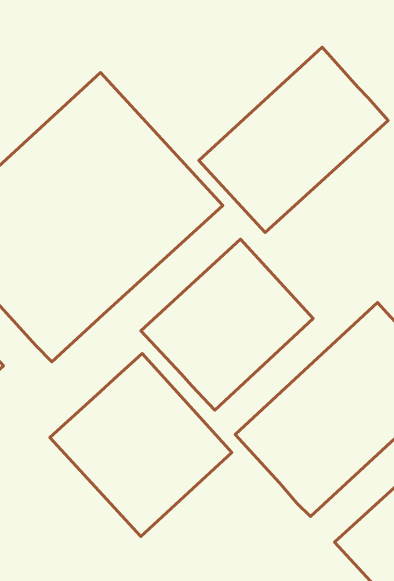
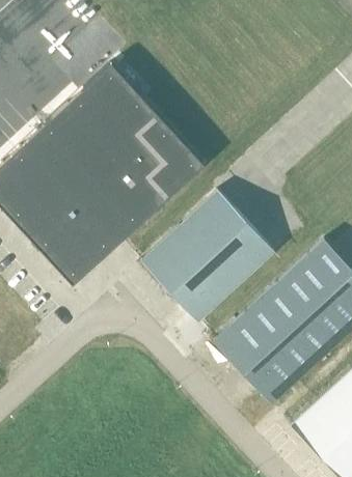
building: [199,47,388,232] -> none
building: [50,353,232,536] -> none

